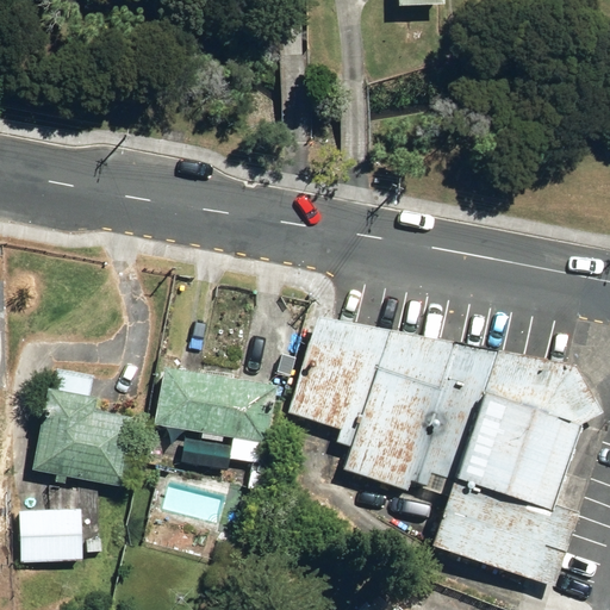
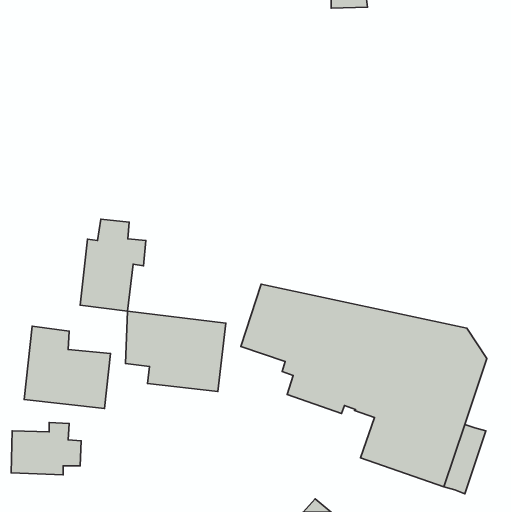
building: none -> [80,219,146,311]
building: [312,317,602,425] -> none

